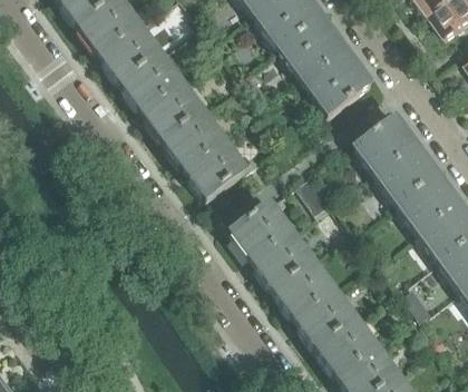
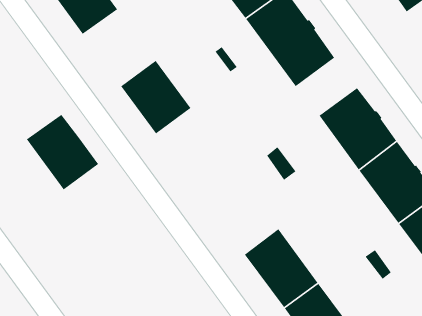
building: [101,30,179,111] -> [26,114,99,191]
building: [179,135,257,198] -> none
building: [231,195,310,290] -> none

